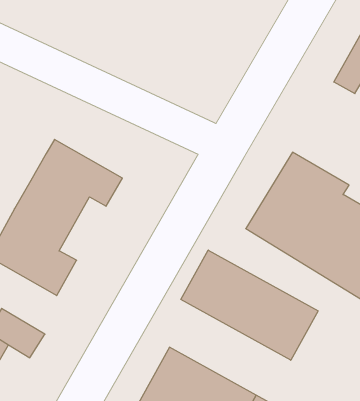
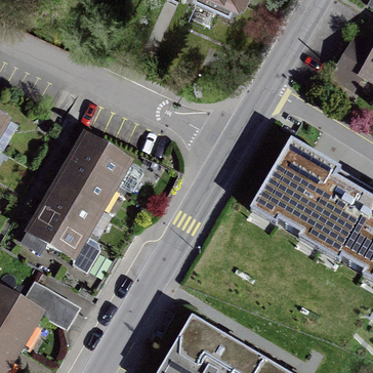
building: [181,250,318,360] -> none

